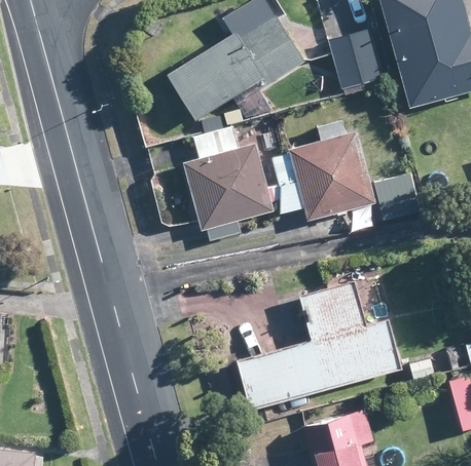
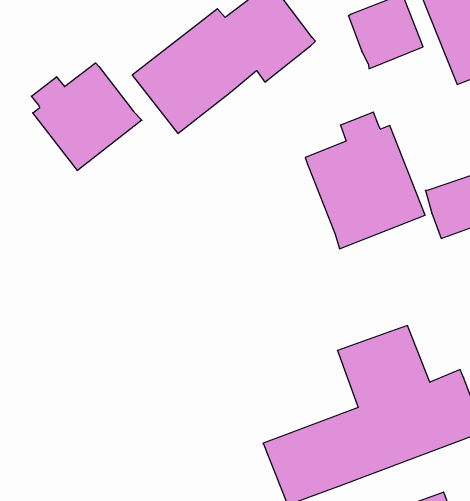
building: none -> [31,63,142,170]
building: [185,126,305,241] -> none

